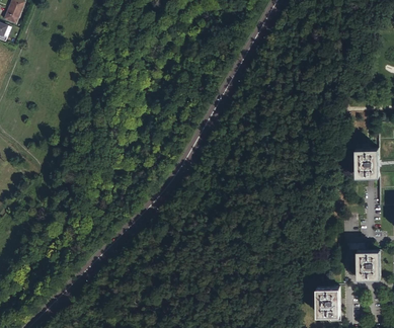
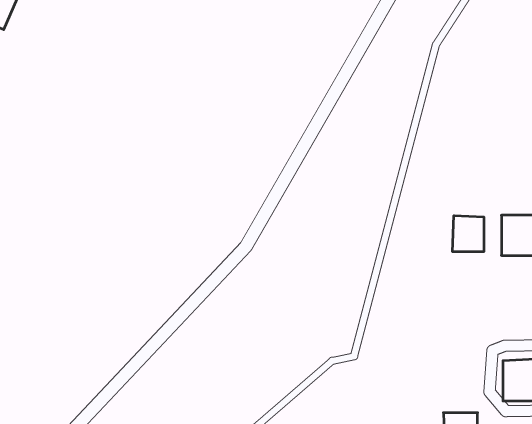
building: none -> [453,216,484,252]

